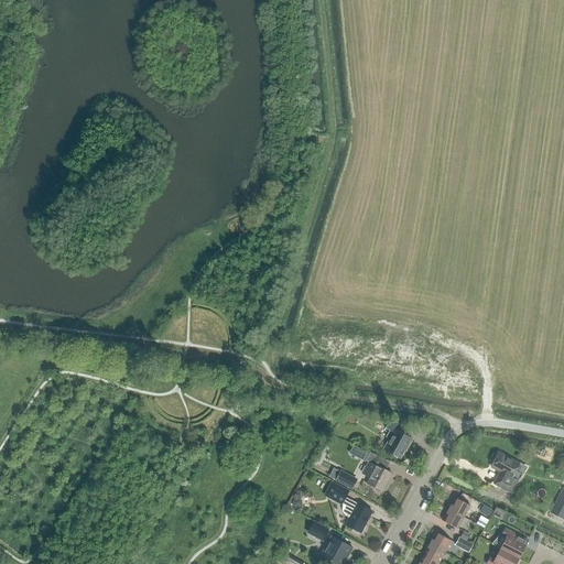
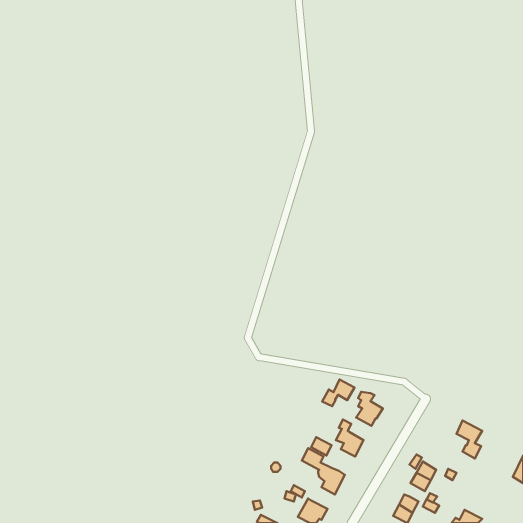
building: none -> [322,380,355,406]
building: [500,529,528,558] -> none

